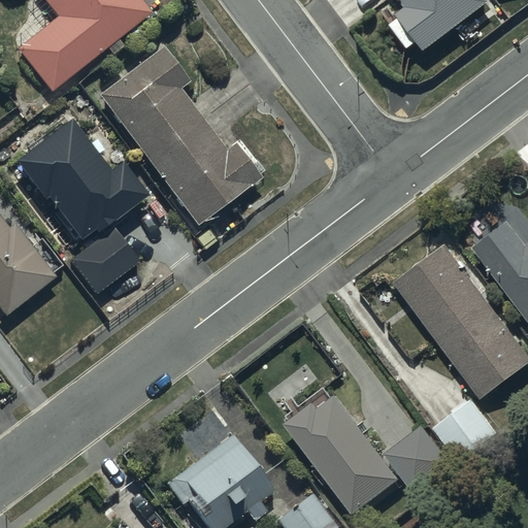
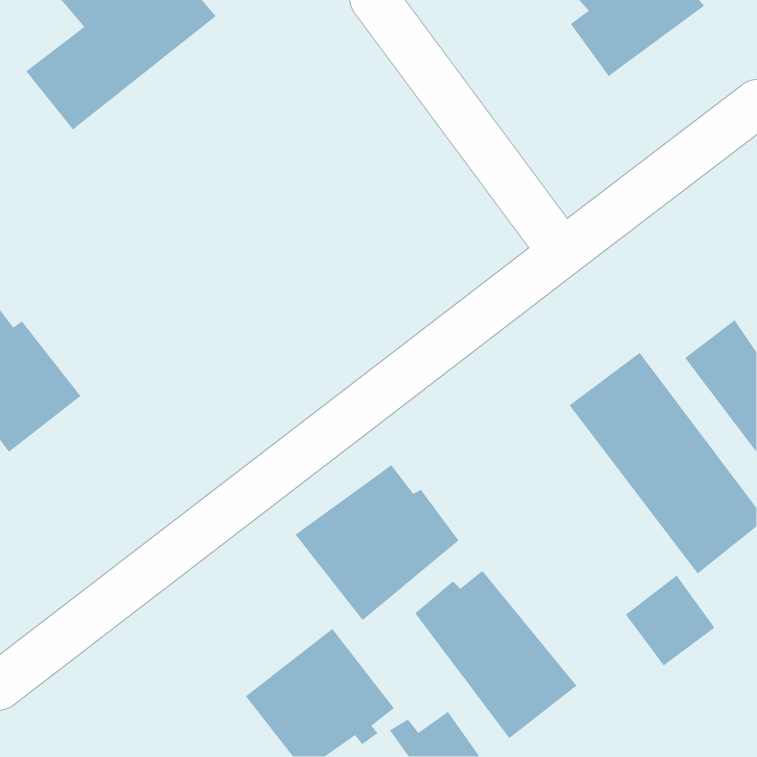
building: [101,48,262,226] -> none
building: [13,117,144,243] -> none
building: [68,227,138,294] -> none
building: none -> [294,464,460,621]
building: [386,426,451,491] -> none

